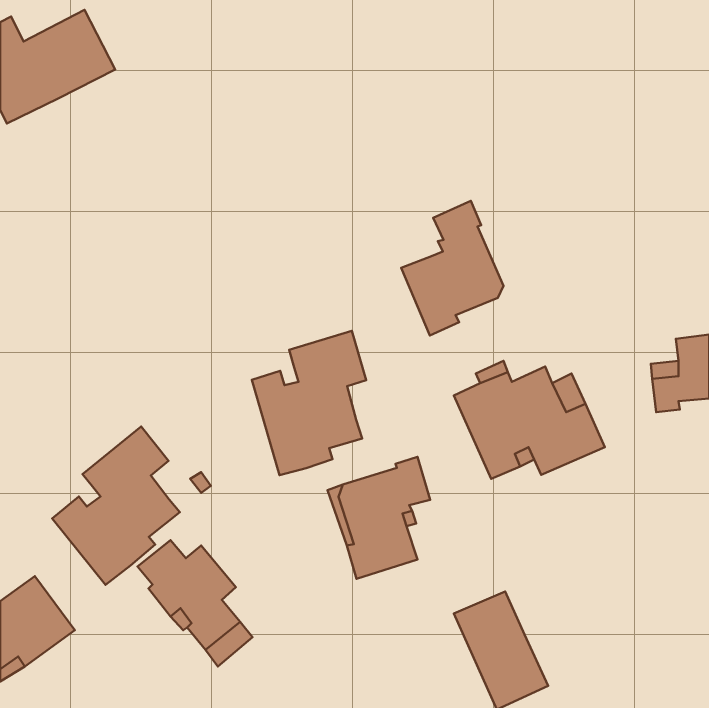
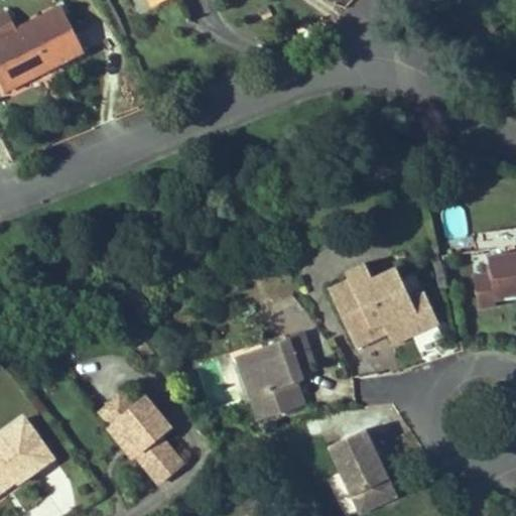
building: [401,201,503,335] -> none
building: [252,331,366,475] -> none
building: [52,426,180,585] -> none

